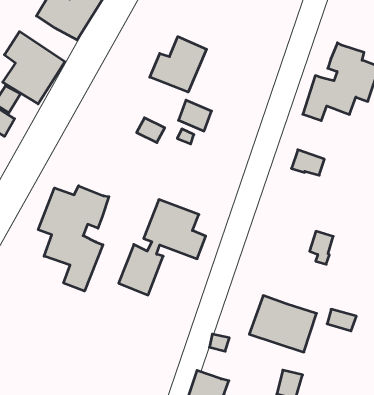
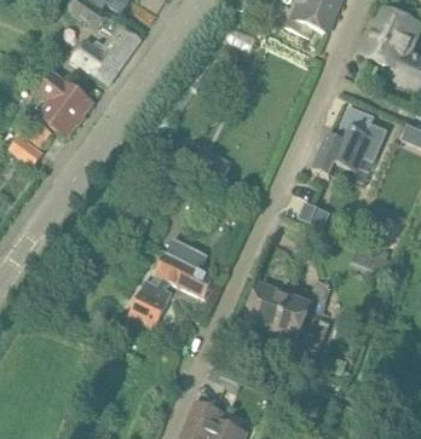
building: [150,37,207,92] -> none
building: [38,186,109,291] -> none
building: [249,296,317,352] -> [244,283,308,339]

